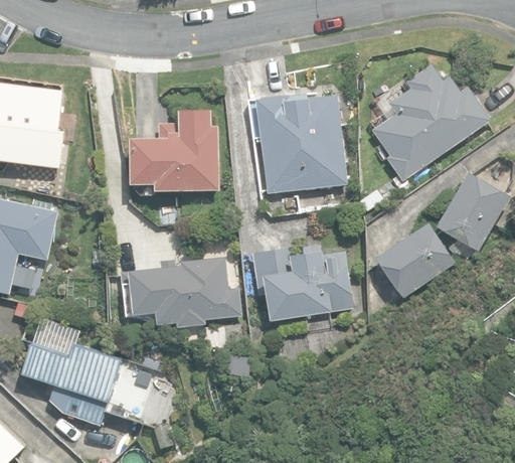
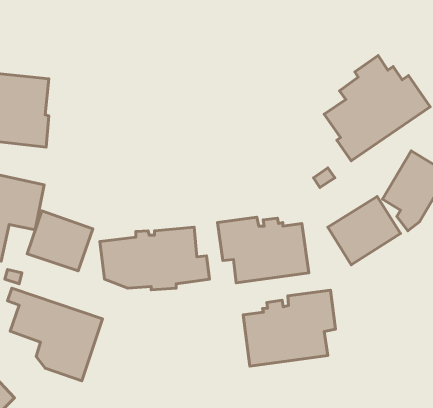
building: [256,94,345,192] -> none
building: [132,111,219,191] -> none
building: none -> [27,211,93,271]
building: none -> [243,290,335,366]

